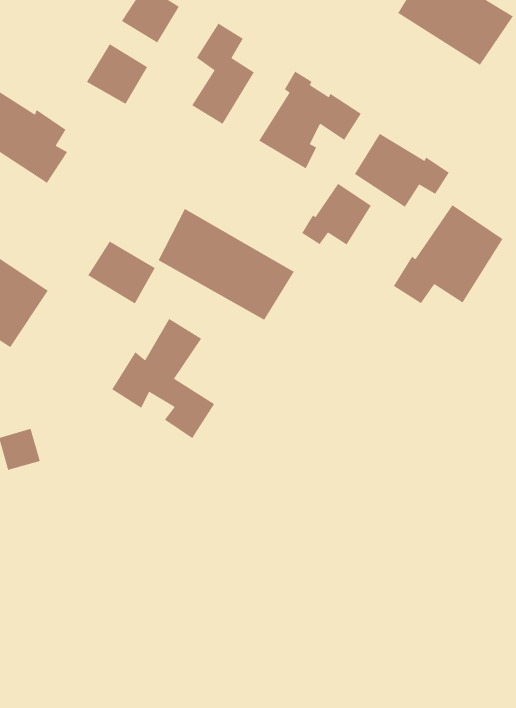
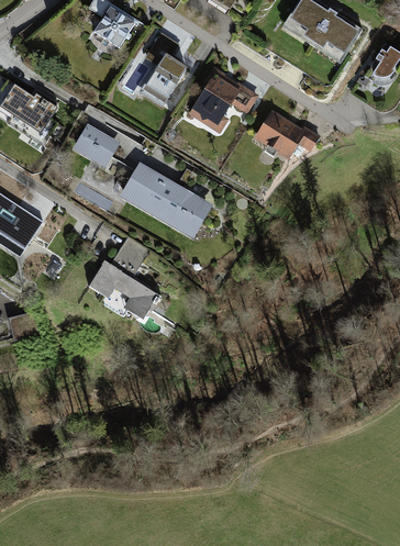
building: [86,43,148,105] -> none
building: [301,183,372,245] -> none
building: [393,204,504,304] -> none
building: [87,241,156,304] -> [71,124,119,168]

